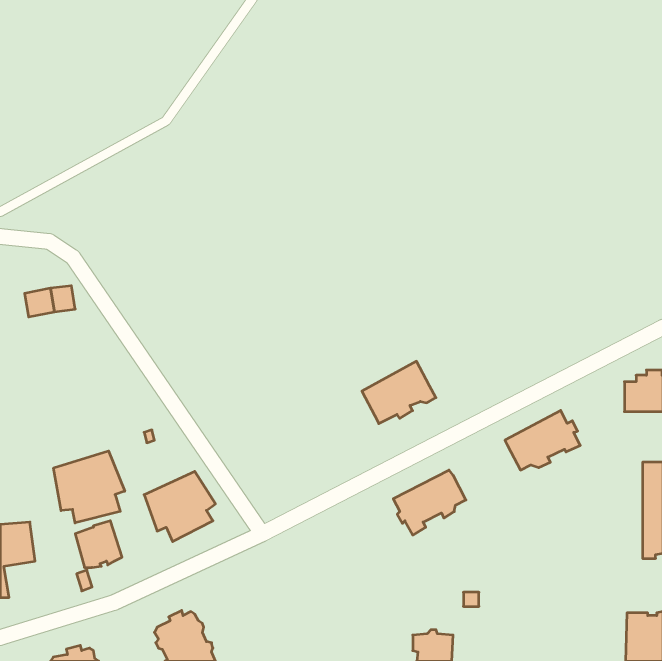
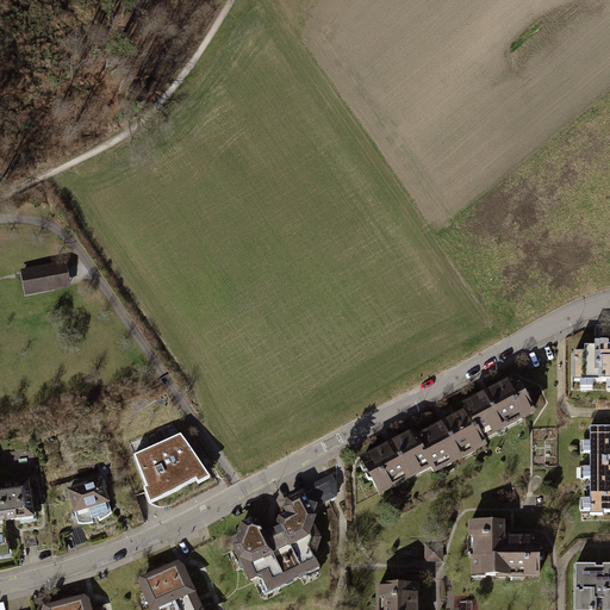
building: [362,361,436,424] -> [417,409,485,466]
building: [54,451,125,523] -> none
building: none -> [236,475,336,586]
building: none -> [469,516,539,574]

